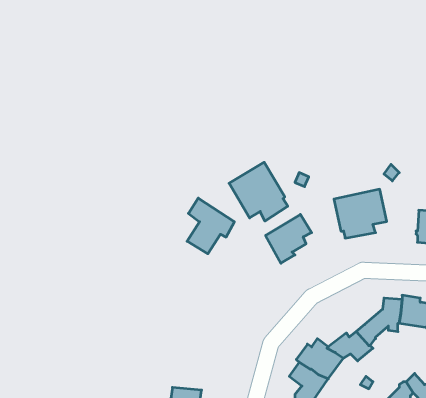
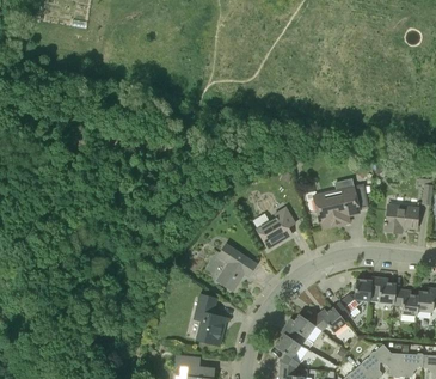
building: [229,162,288,221] -> none
building: [187,198,234,254] -> [215,244,256,292]
building: none -> [192,295,225,346]

